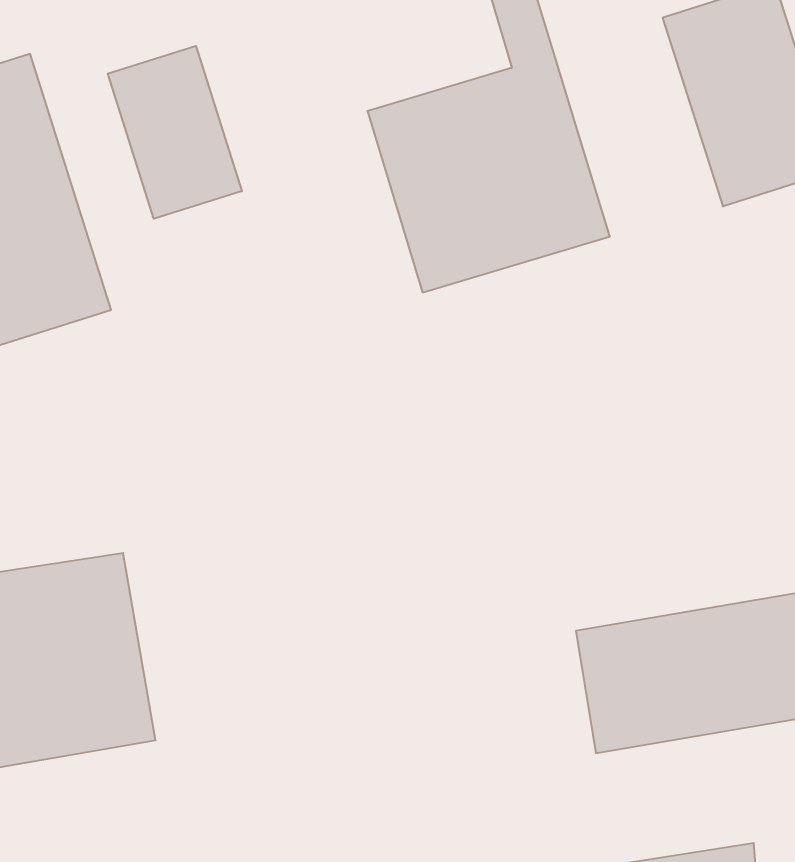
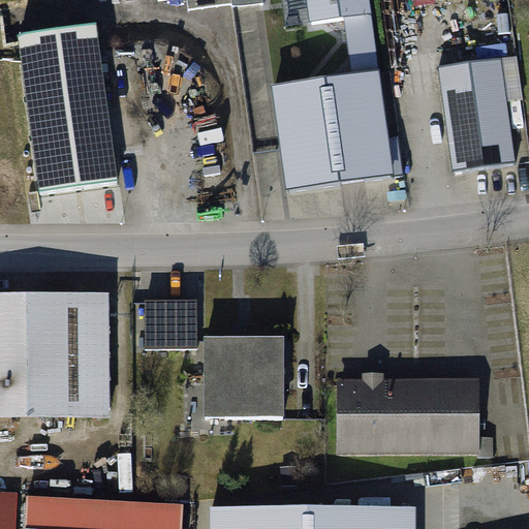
building: [108,46,242,219] -> none
building: none -> [145,295,195,345]
building: none -> [205,337,281,419]

